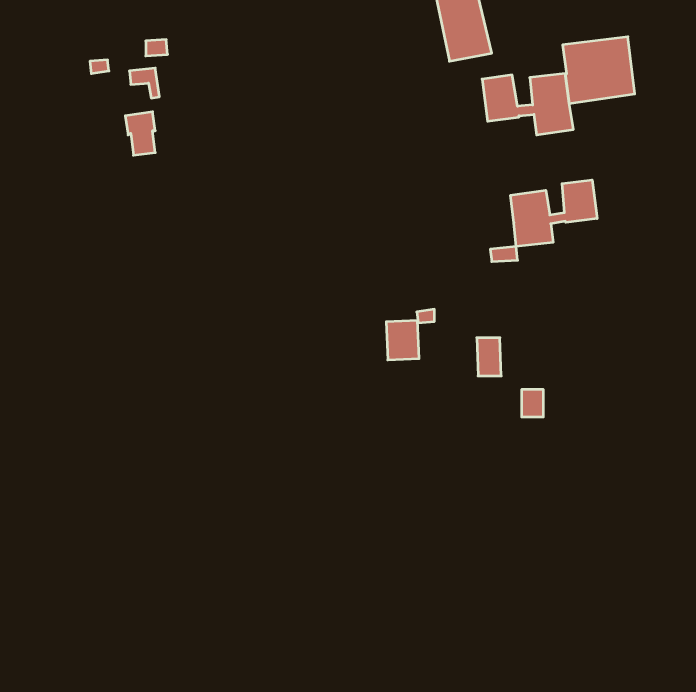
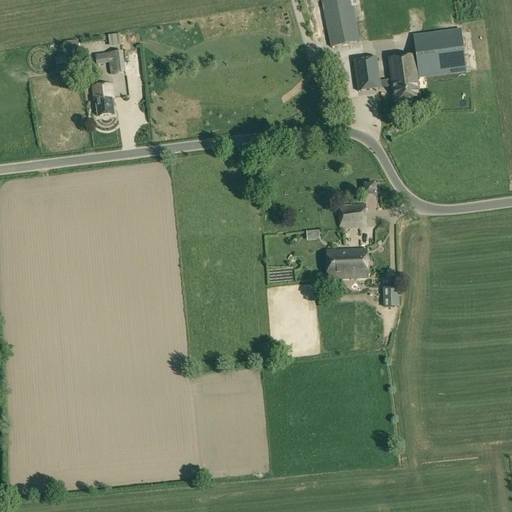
building: [511,180,597,247] -> none
building: none -> [339,202,367,228]
building: [386,320,419,360] -> [327,248,351,277]

